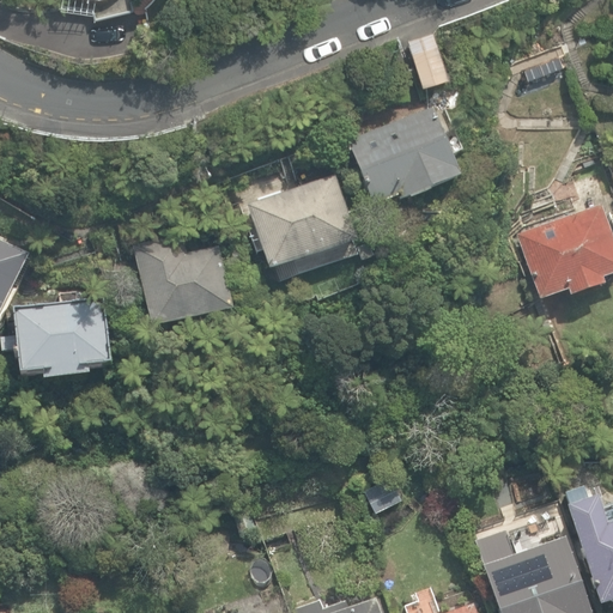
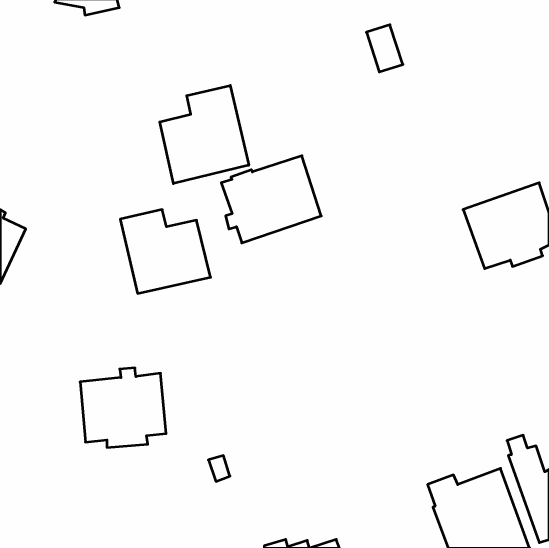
building: none -> [160,85,249,184]
building: [348,107,461,205] -> none
building: [16,291,111,380] -> [80,368,166,447]

